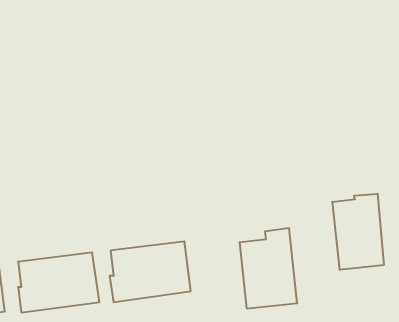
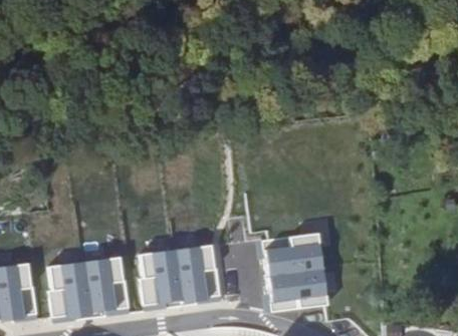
building: [332,194,384,270] -> none

